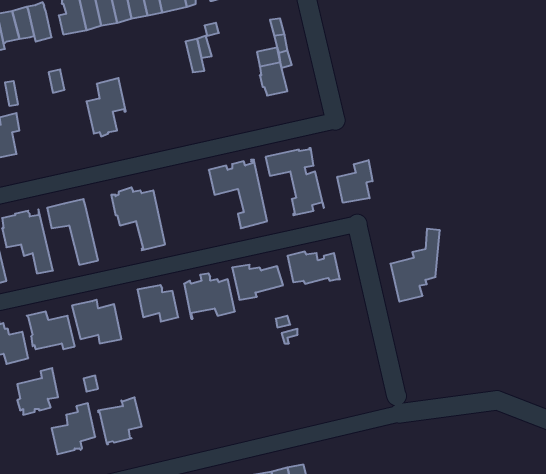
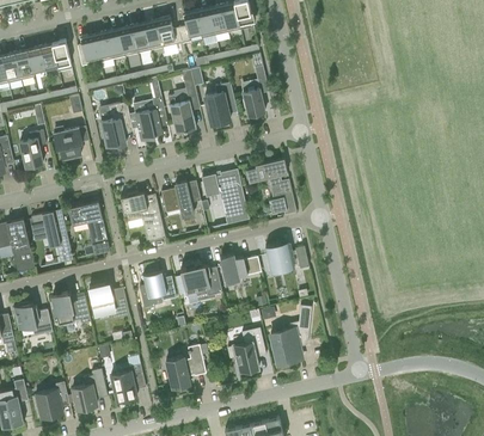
building: none -> [203,84,233,128]
building: none -> [166,97,195,134]
building: none -> [131,98,166,142]
building: none -> [51,129,81,160]
building: [337,160,373,203] -> none
building: none -> [159,182,200,217]
building: [390,229,440,302] -> [269,306,310,366]
building: none -> [226,328,265,374]
building: [17,368,58,415] -> [35,382,68,420]
building: none -> [165,345,204,389]

